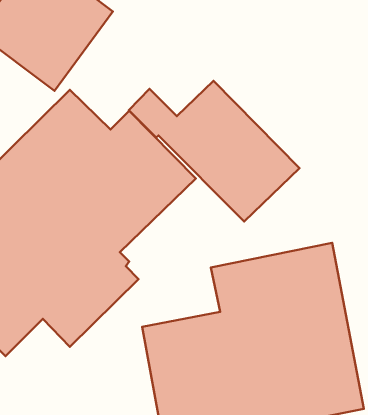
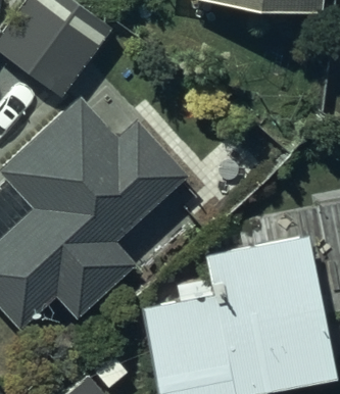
building: [129,81,300,221] -> none

